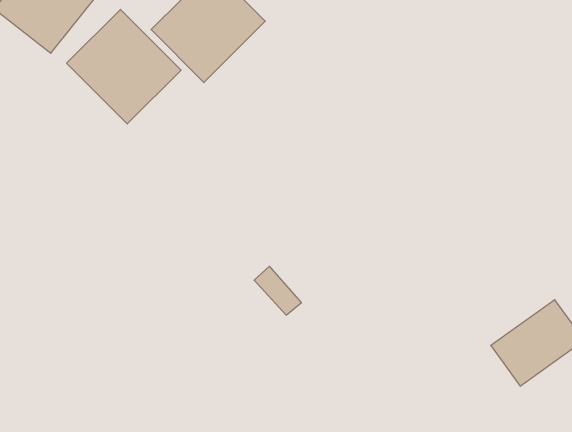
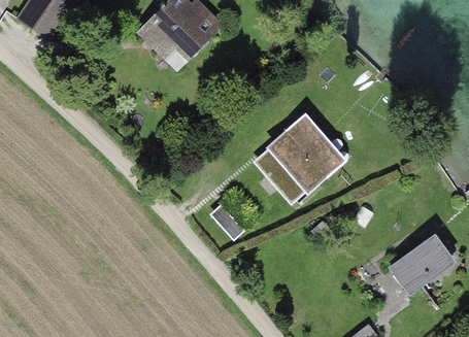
building: [67,9,181,124] -> none
building: none -> [255,114,348,207]

